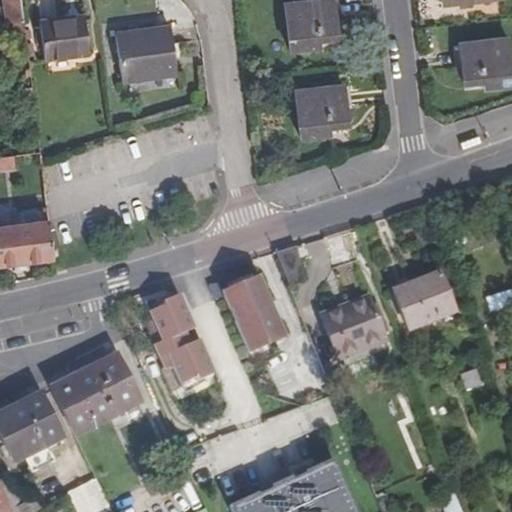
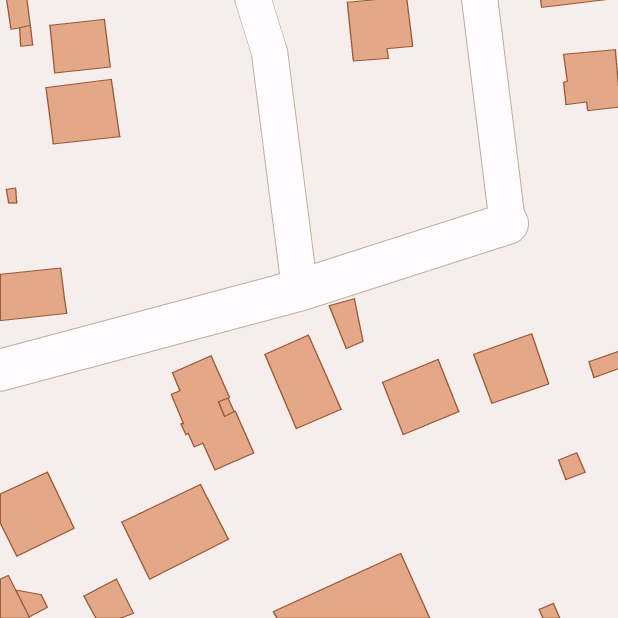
building: [117,26,178,79] -> [46,79,120,144]
building: [298,87,352,138] -> none
building: [52,352,140,430] -> [122,484,229,579]

